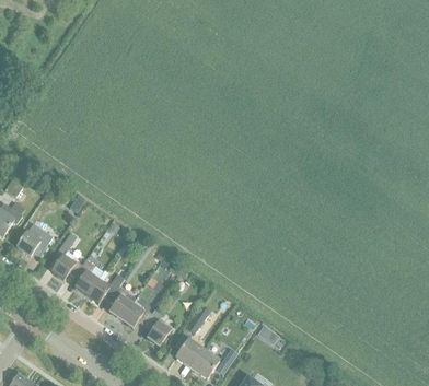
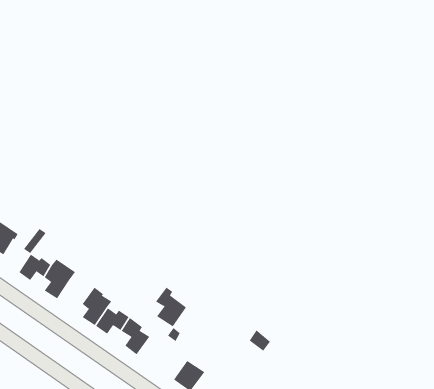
building: [86,272,124,303] -> none
building: [174,331,202,367] -> [155,287,187,327]

